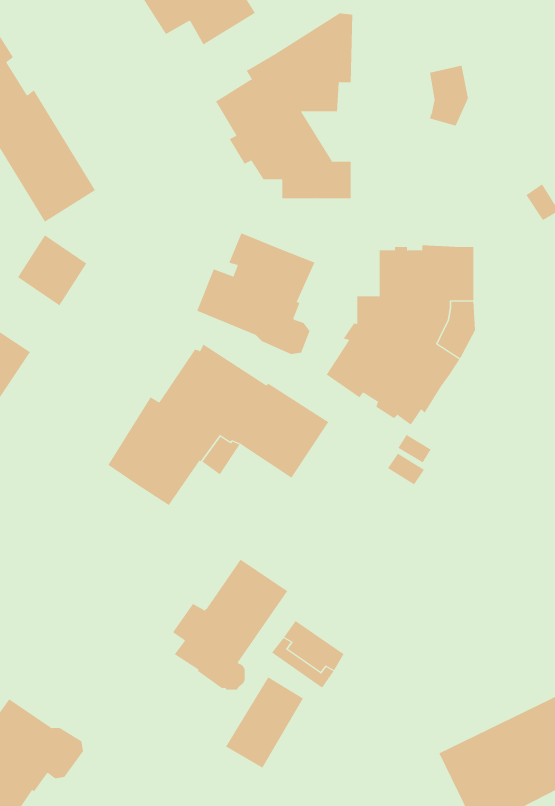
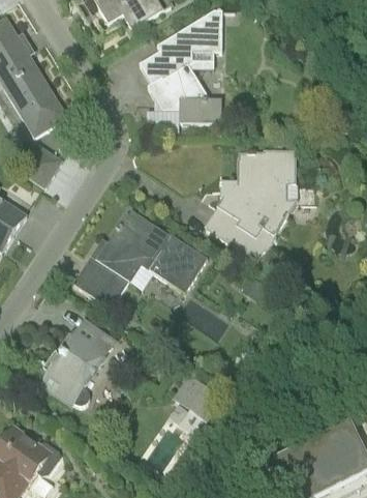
building: [429,65,468,127] -> none
building: [197,233,315,355] -> none
building: [172,559,288,690] -> [41,323,112,403]

